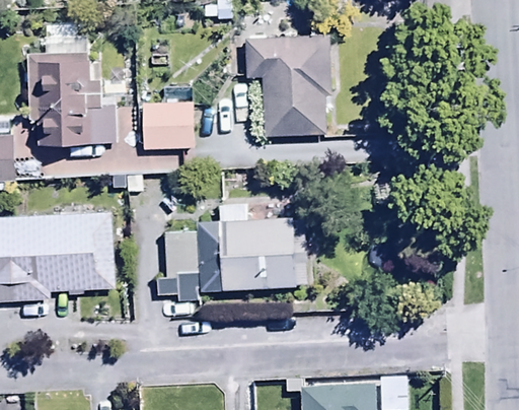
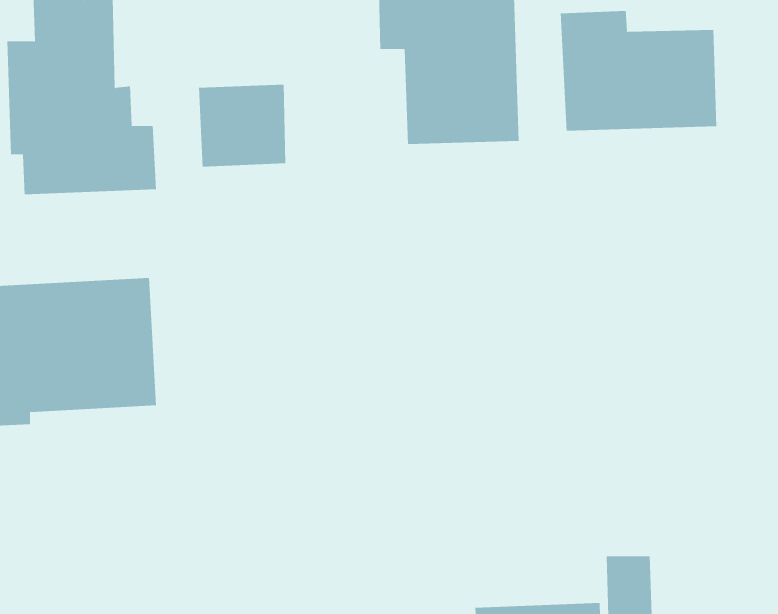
building: none -> [560,10,717,131]
building: [157,205,309,305] -> none

